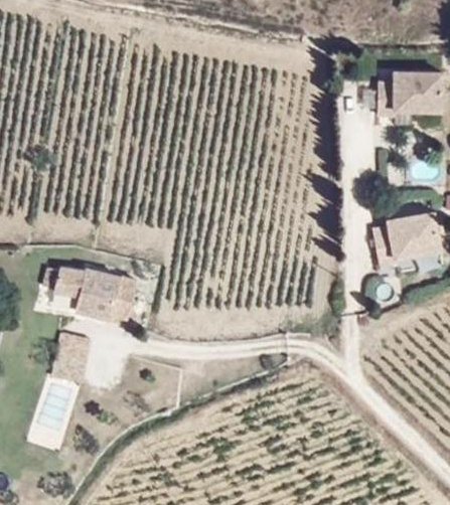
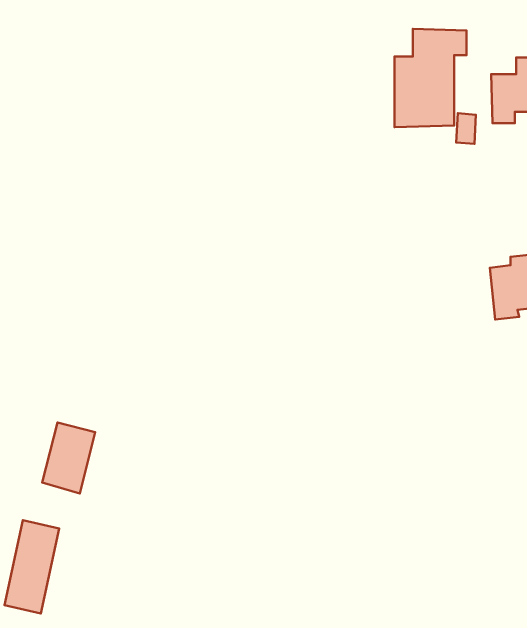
building: none -> [395,29,466,127]
building: [45,267,122,318] -> none

